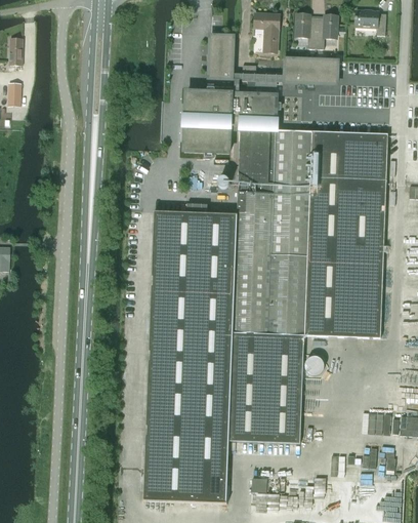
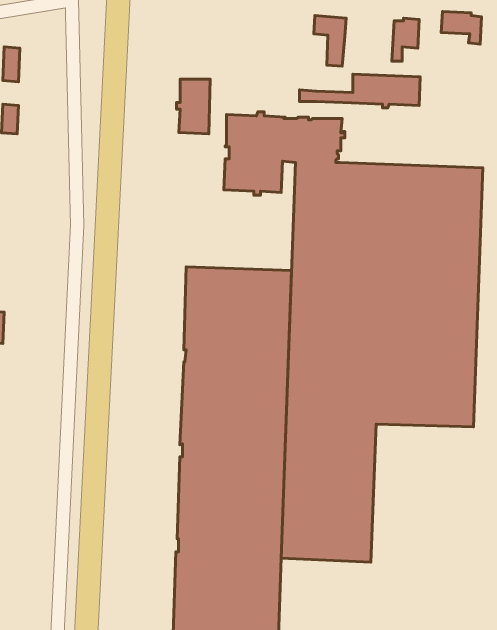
building: [296,13,318,48] -> none
building: [207,35,234,78] -> [176,79,210,134]

